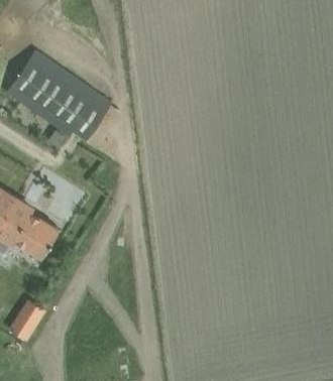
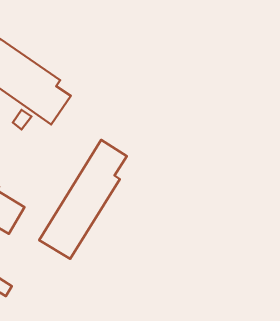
building: none -> [39,140,127,259]

